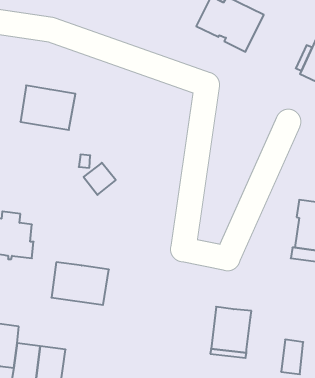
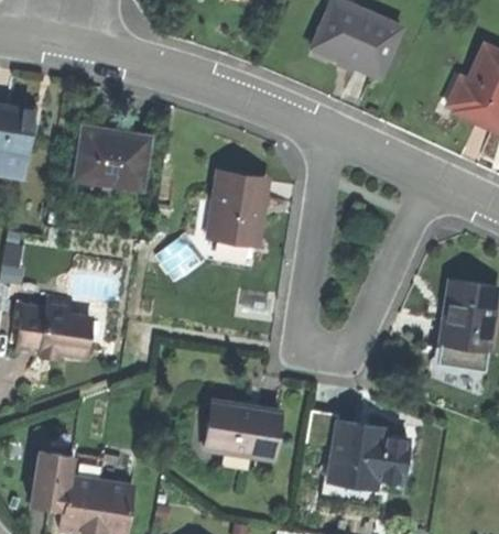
building: none -> [209,174,267,246]
building: [51,262,109,305] -> [204,404,281,461]
building: [281,340,303,374] -> [377,438,406,484]

